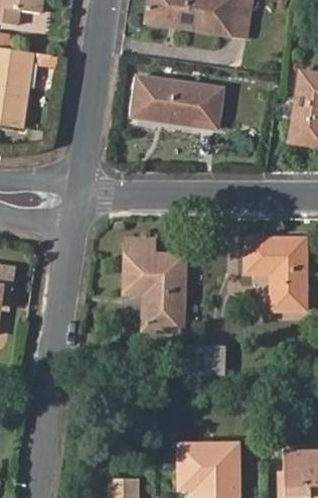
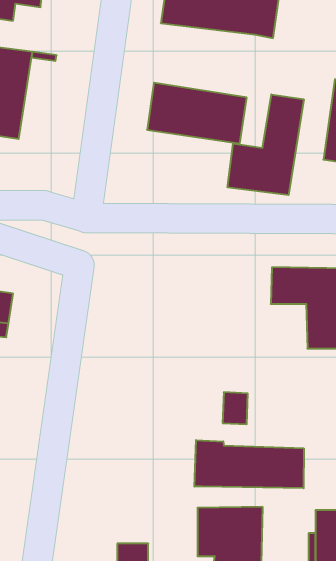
building: none -> [228,94,304,195]
building: [123,238,183,331] -> none
building: none -> [194,440,304,488]

